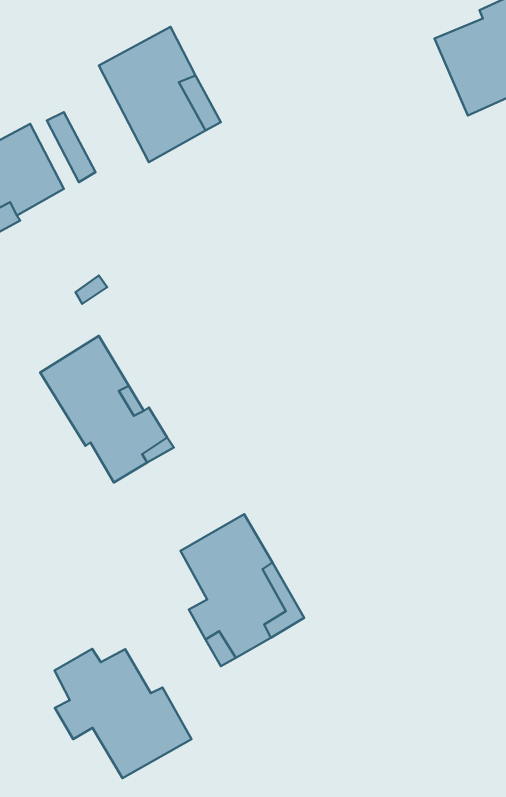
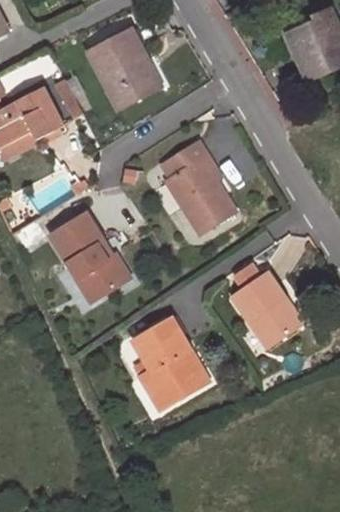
building: none -> [162,139,237,231]
building: none -> [233,270,298,345]
building: [54,649,191,778] -> none

